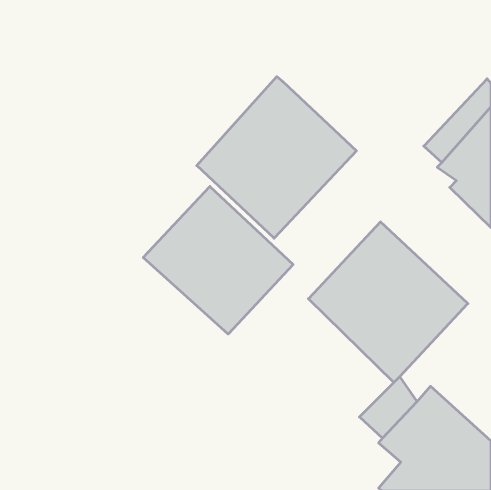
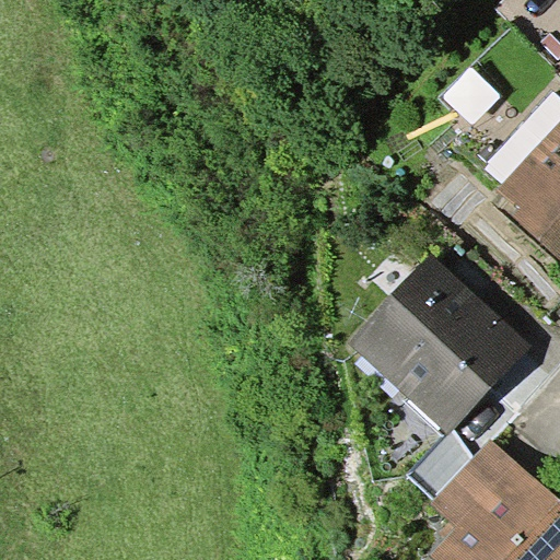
building: [197,77,356,238] -> none
building: [143,186,293,334] -> none

